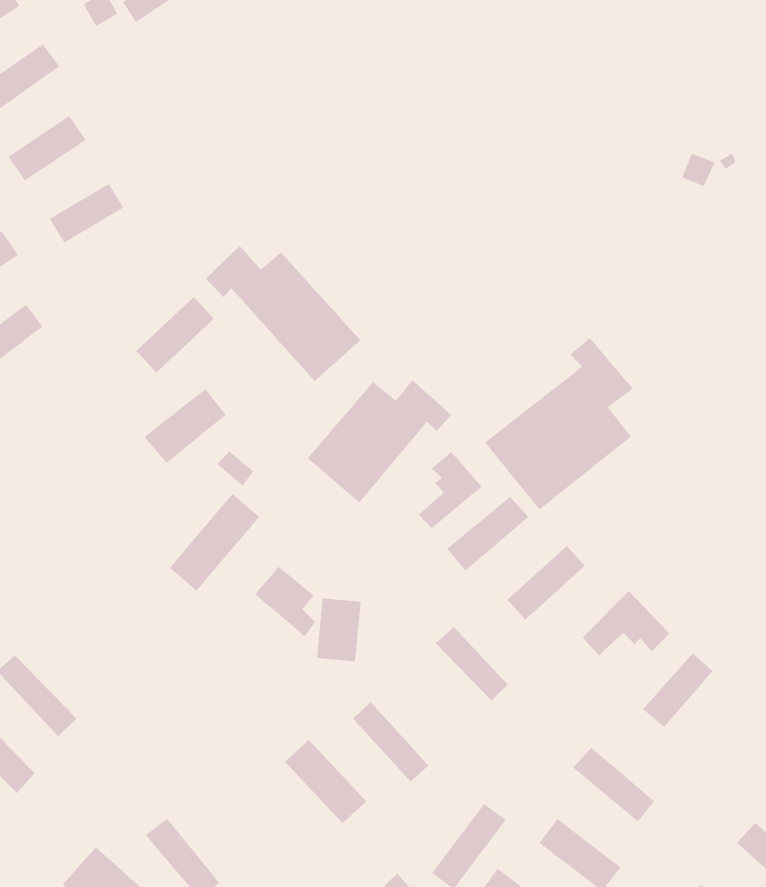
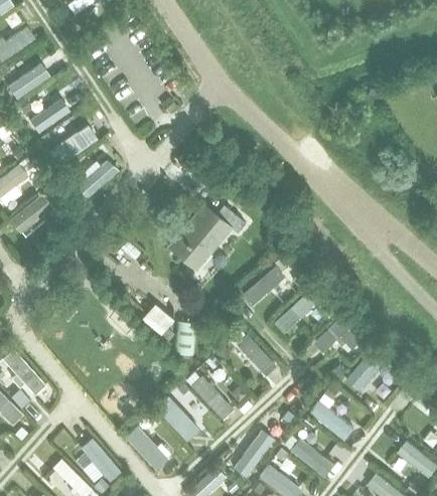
building: none -> [55,124,98,161]
building: [205,245,361,382] -> none
building: [484,337,634,511] -> none
building: [144,388,226,464] -> [8,193,52,233]
building: [418,451,483,529] -> none
building: [169,493,260,591] -> none
building: none -> [125,426,167,470]

